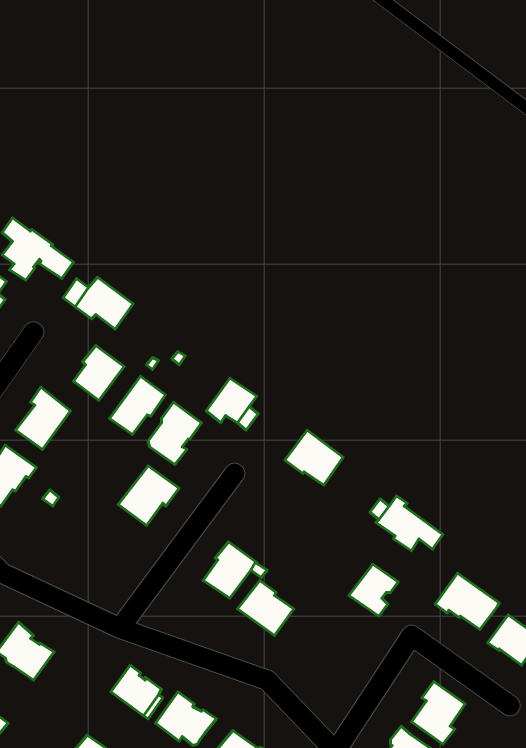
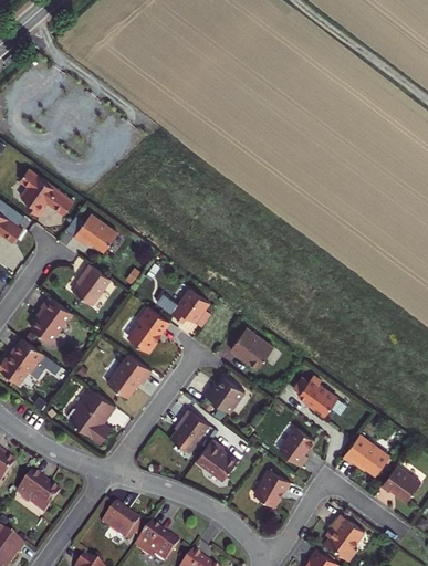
building: [109,376,165,435] -> none
building: none -> [205,377,243,413]
building: none -> [66,388,115,443]
building: none -> [254,470,290,506]

